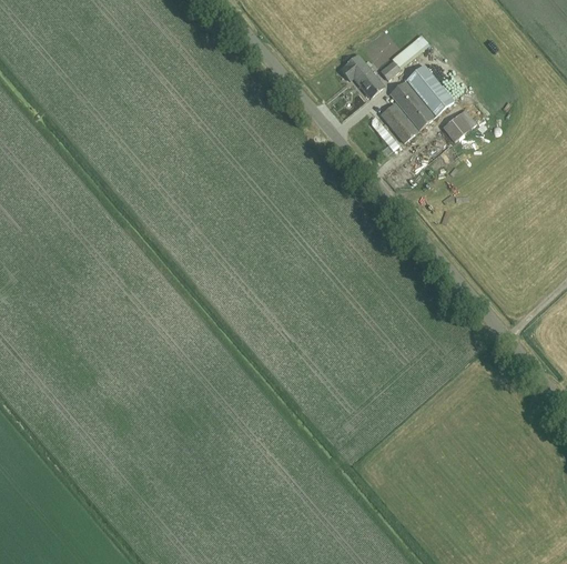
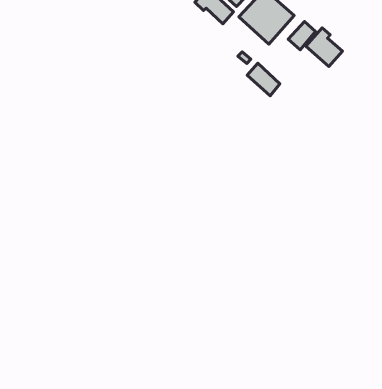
building: [379,102,416,142] -> [247,63,280,96]
building: none -> [306,28,343,66]

